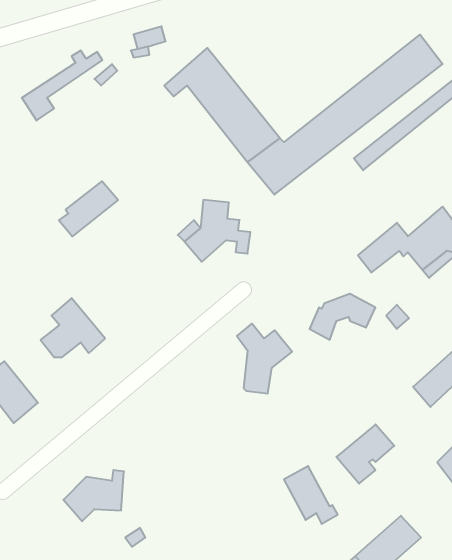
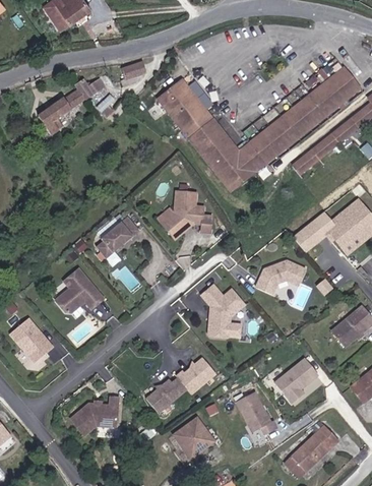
building: [59,181,118,236] -> [95,215,139,256]
building: none -> [144,358,214,413]
building: none -> [175,417,216,459]

